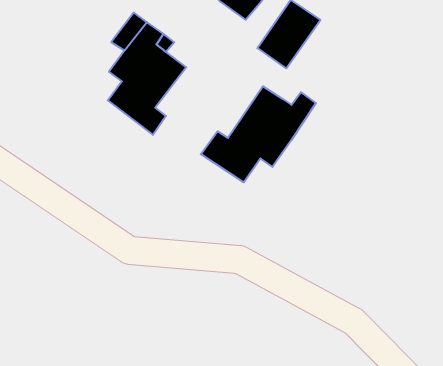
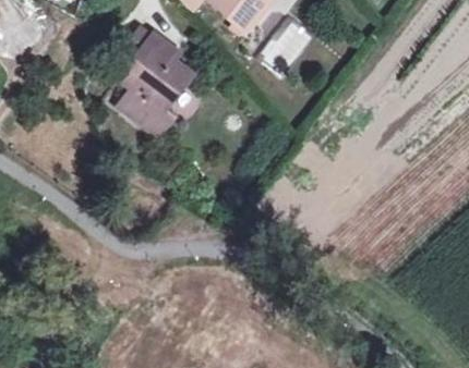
building: [201,86,316,182] -> none

